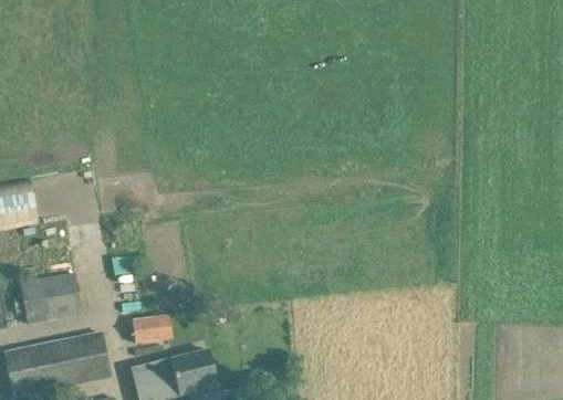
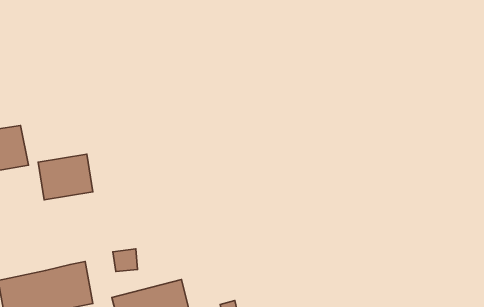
building: [21,271,82,322] -> [38,154,93,200]

